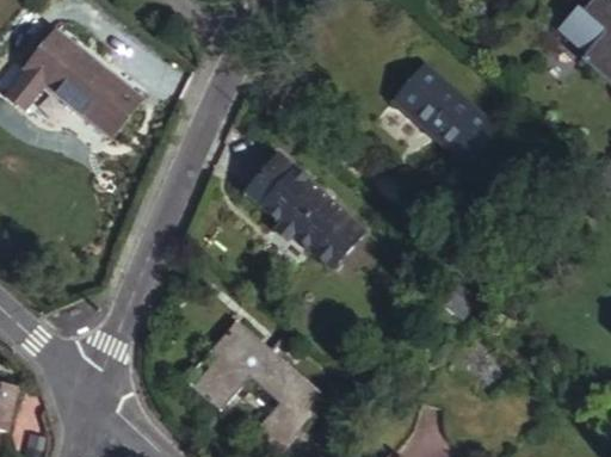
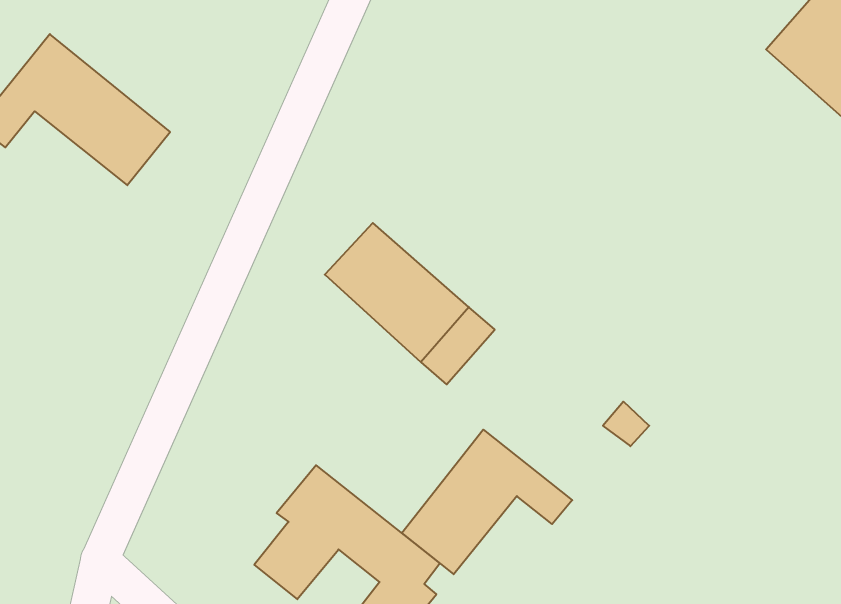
building: [396,54,502,153] -> none
building: none -> [402,430,572,574]

